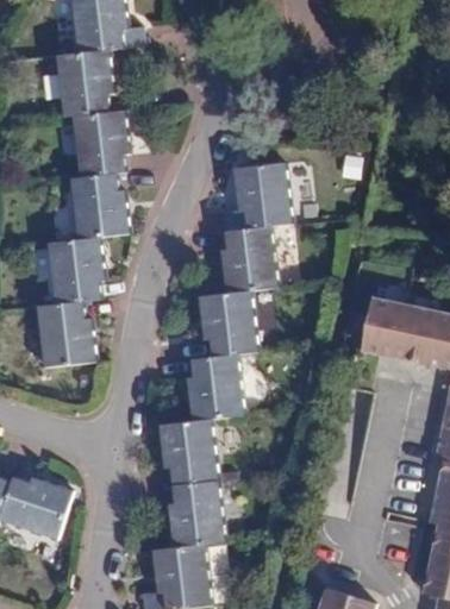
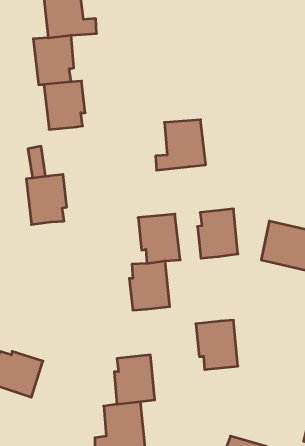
building: [71,172,126,239] -> none
building: [220,226,275,293] -> [197,209,238,258]
building: [38,301,93,366] -> none
building: [158,419,215,485] -> [196,320,238,370]

